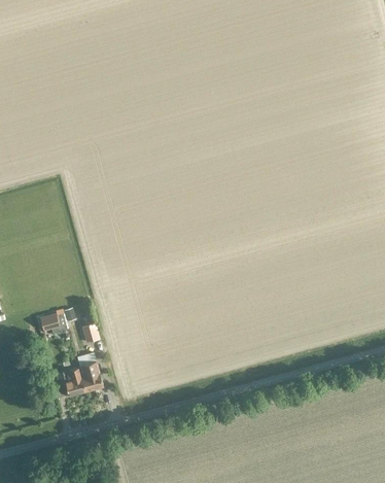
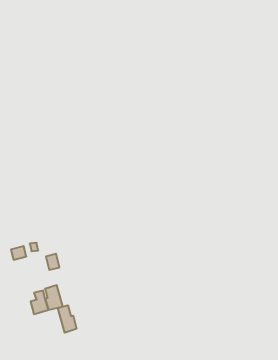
building: none -> [58,305,76,333]

